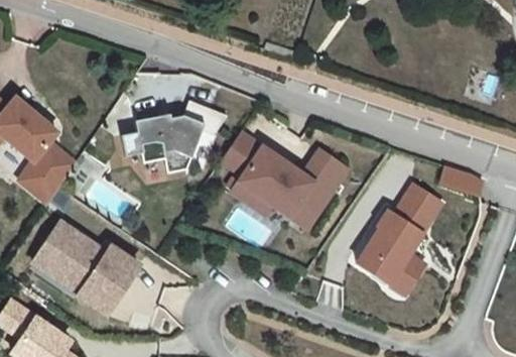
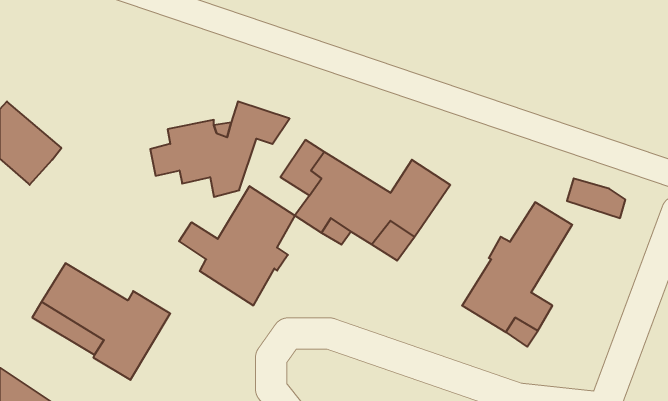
building: [13,150,72,212] -> none
building: none -> [179,186,295,306]

